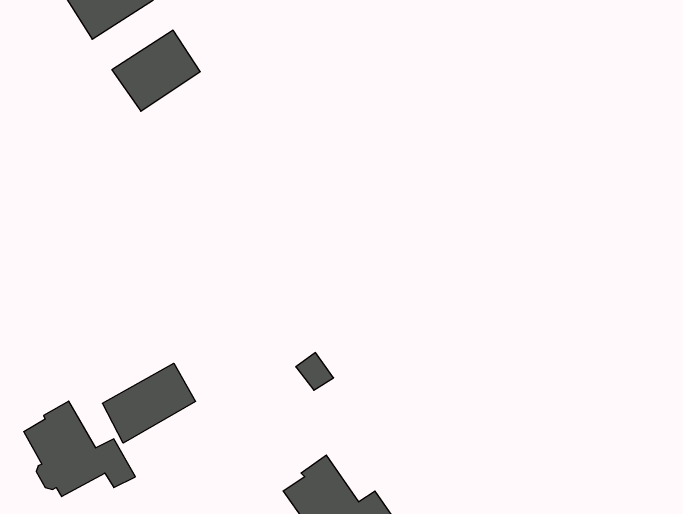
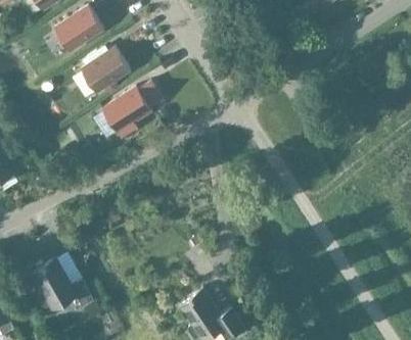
building: none -> [101,81,163,138]
building: [102,363,196,443] -> none

